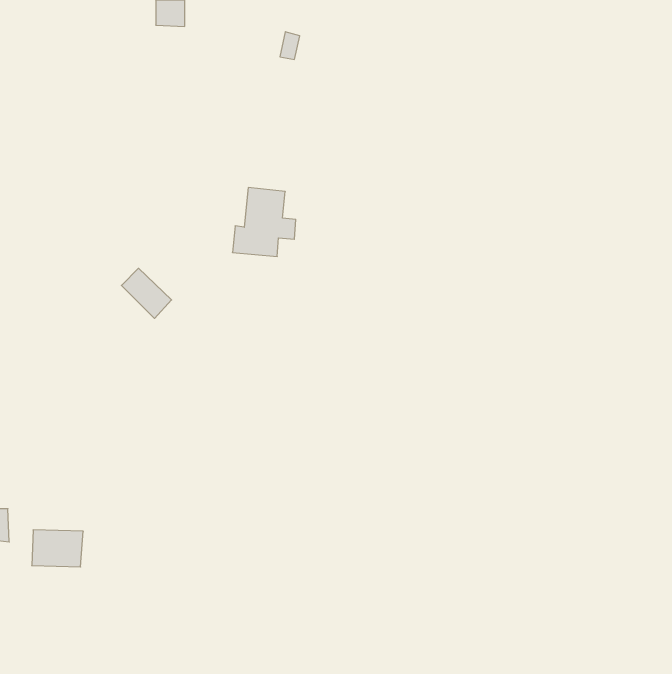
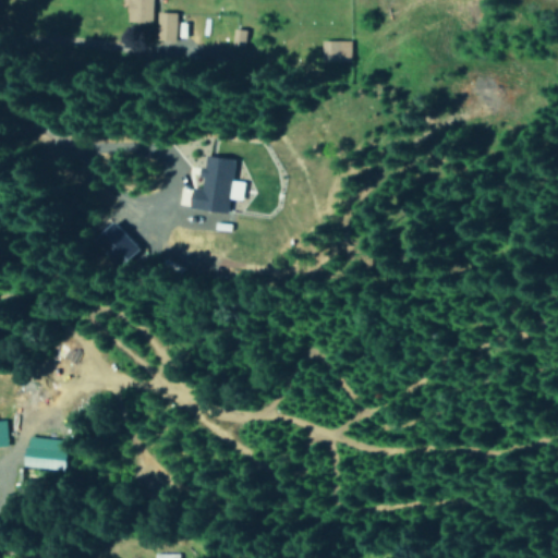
building: none -> [155,12,177,41]
building: none -> [323,40,350,62]

